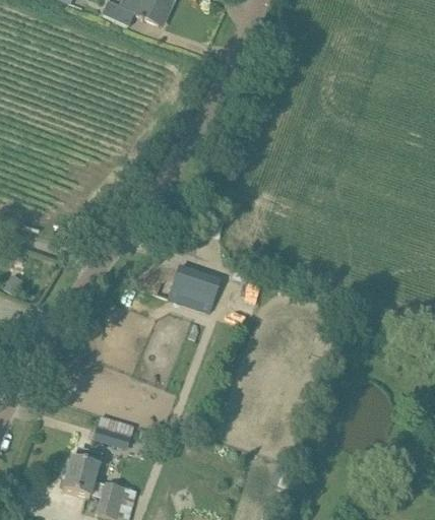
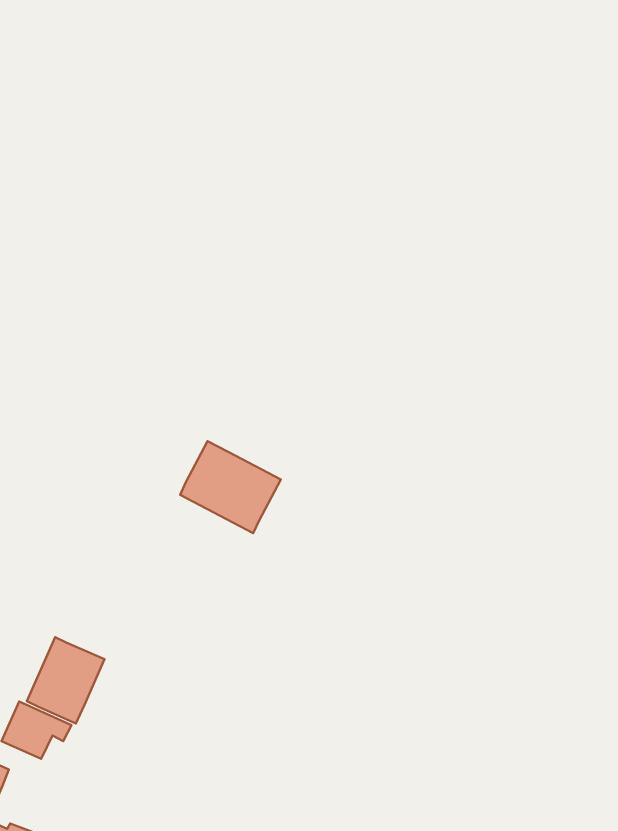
building: none -> [27,637,104,723]

